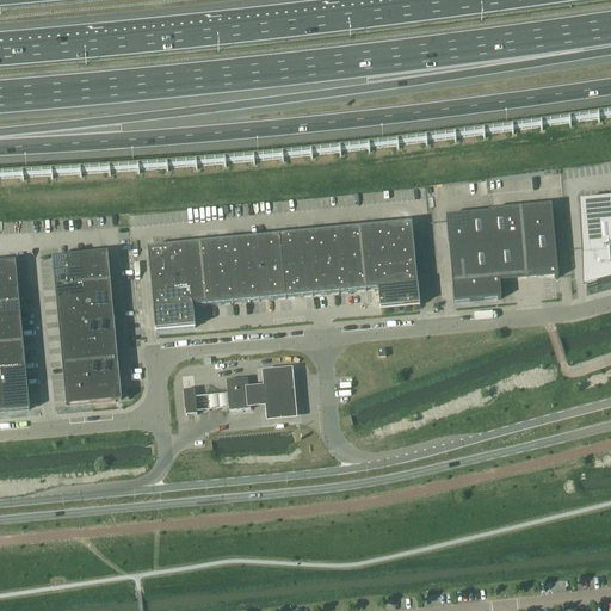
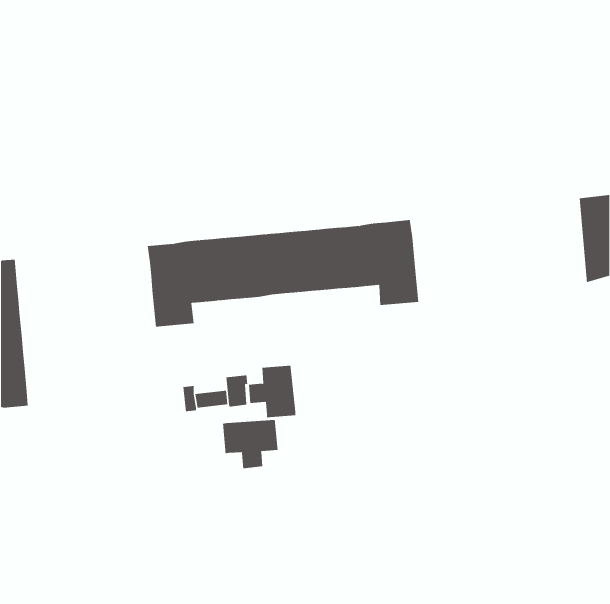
building: [445,202,557,298] -> none
building: [51,251,121,402] -> none
building: none -> [222,419,278,469]

